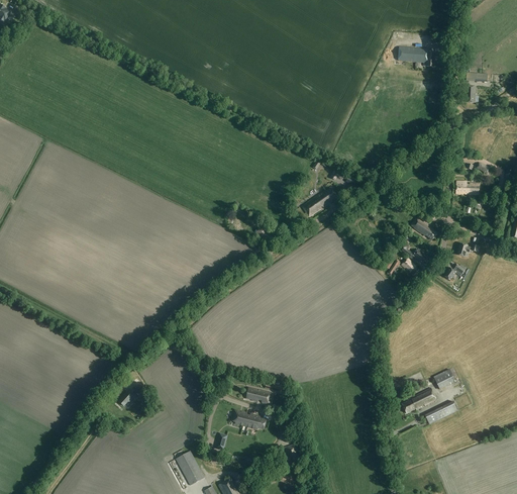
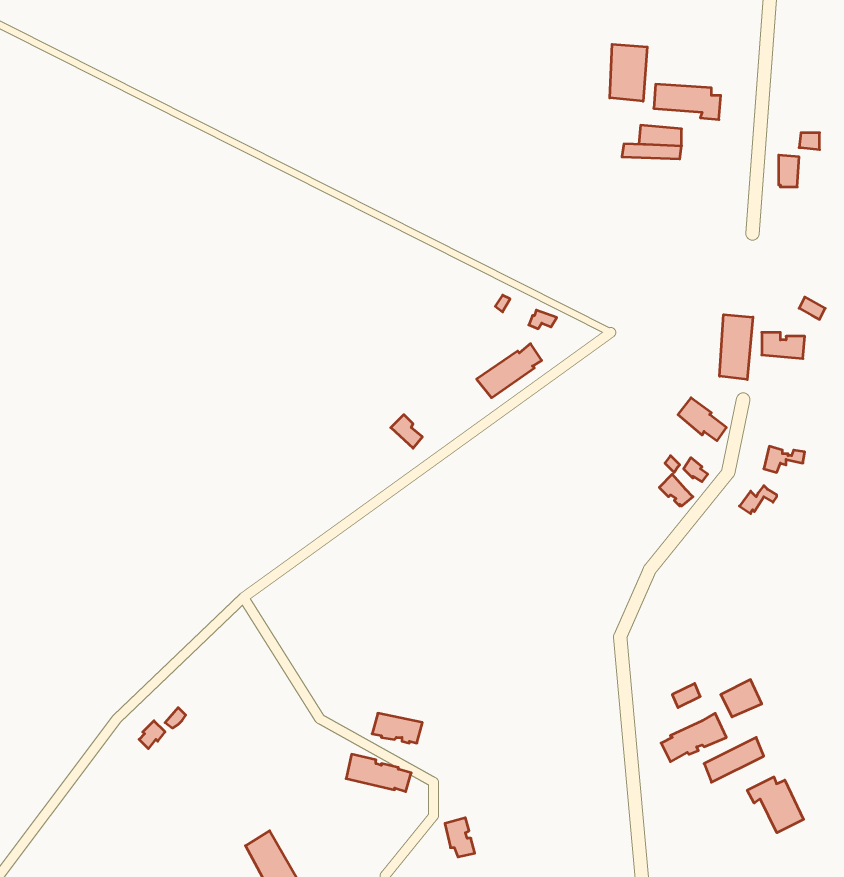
building: none -> [610,44,647,101]
building: none -> [720,315,753,380]
building: none -> [747,777,804,833]

